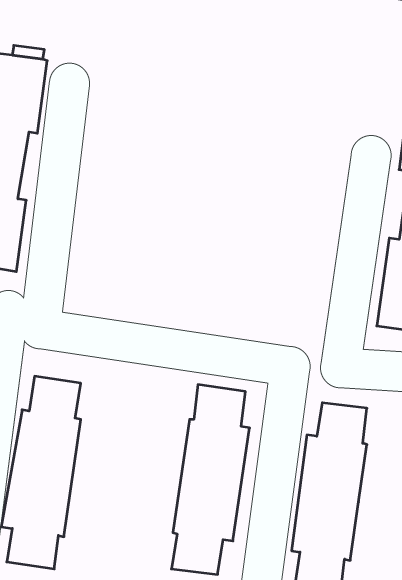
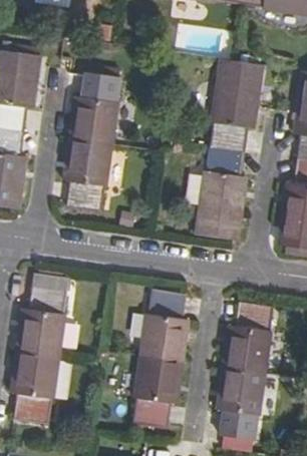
building: none -> [197,59,263,241]
building: none -> [65,72,120,208]

